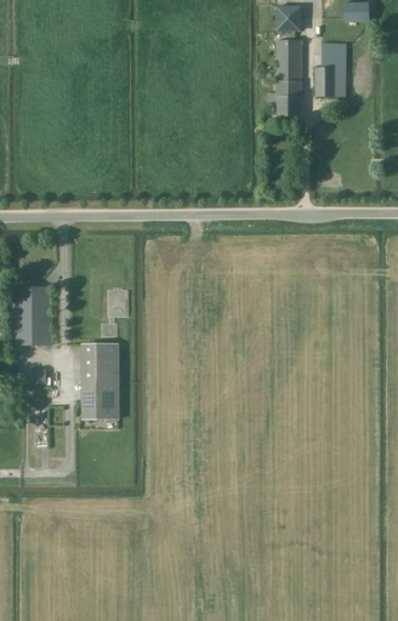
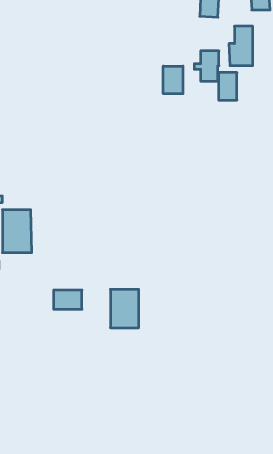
building: [275,40,300,76] -> [219,73,237,100]
building: none -> [163,66,183,94]
building: [80,343,118,394] -> [110,289,139,328]

